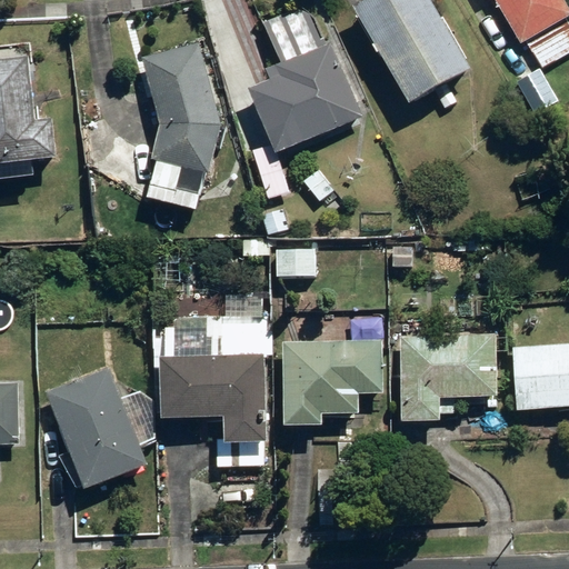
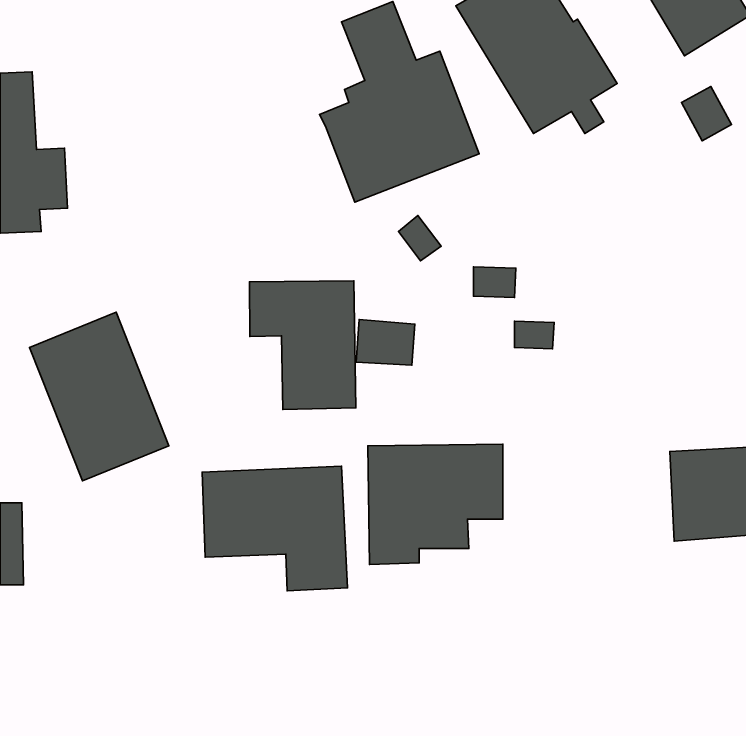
building: [142,39,219,209] -> none
building: none -> [249,281,356,409]
building: [398,332,496,423] -> none
building: [43,363,149,491] -> [30,312,169,481]

